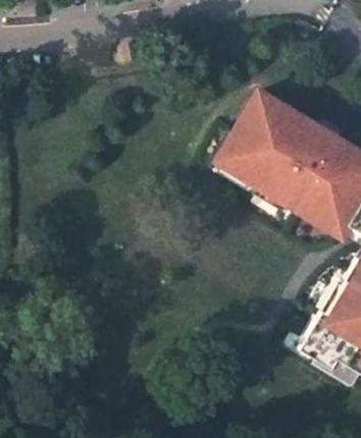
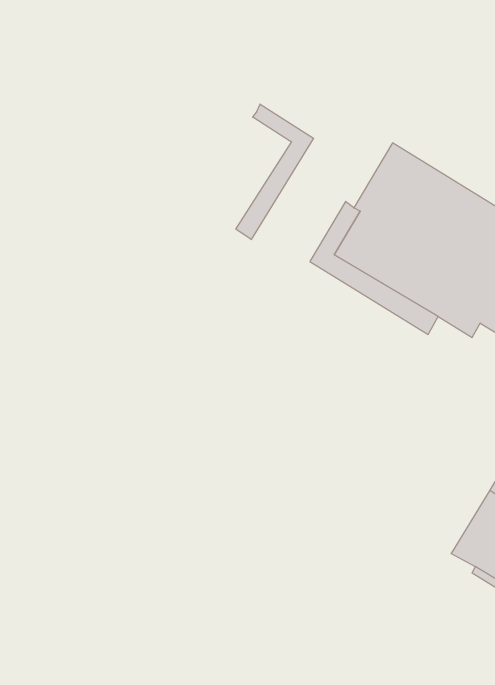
building: none -> [236,104,314,240]

